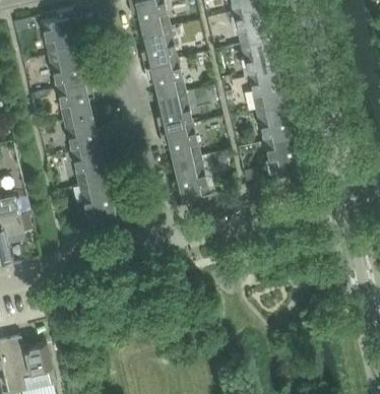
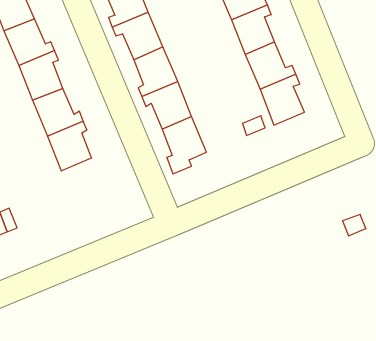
building: [78,179,122,220] -> none

